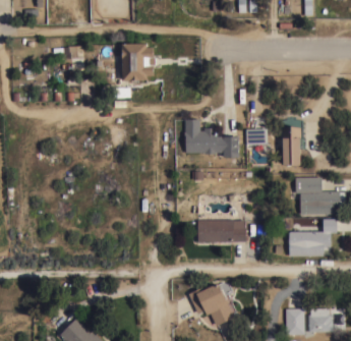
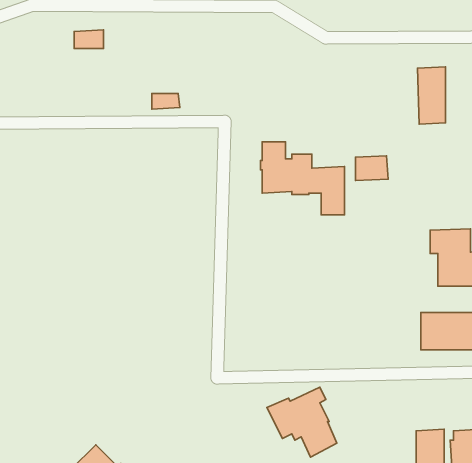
building: [122,43,156,79] -> none
building: [282,127,300,165] -> [418,67,446,124]
building: [197,220,246,241] -> none

